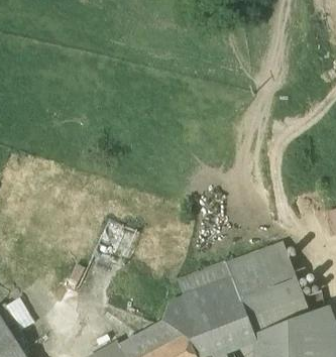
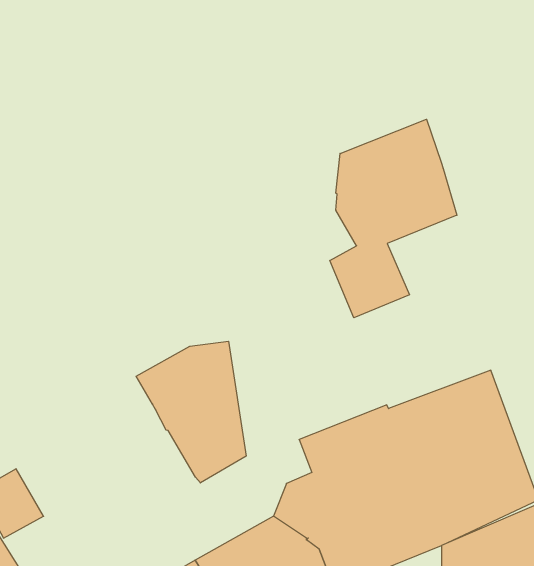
building: none -> [330,119,457,318]
building: none -> [136,341,246,483]

